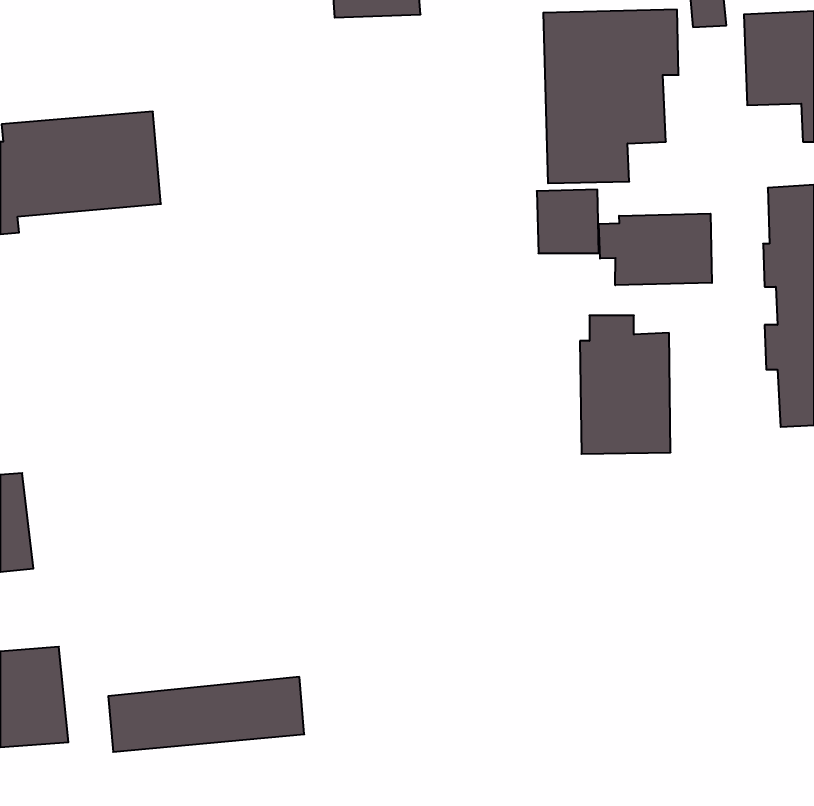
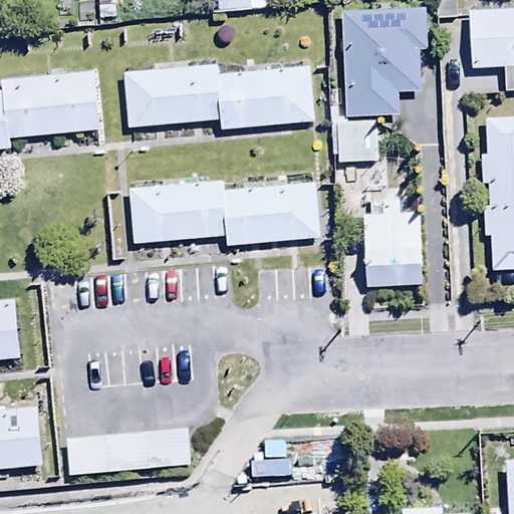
building: none -> [124,62,315,127]
building: [599,214,712,285] -> none
building: none -> [128,174,320,245]

